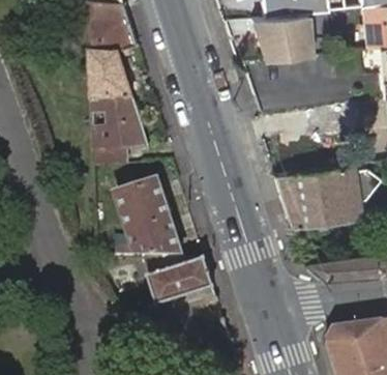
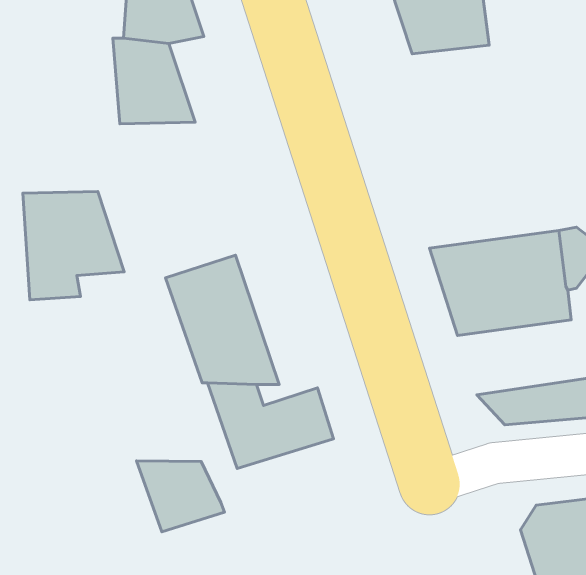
building: [90,102,150,166] -> [23,191,124,300]
building: none -> [136,461,225,532]

